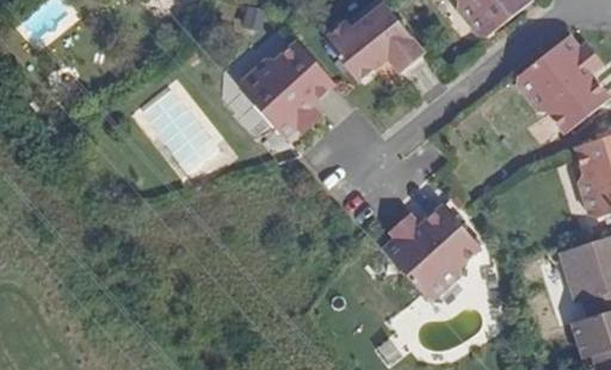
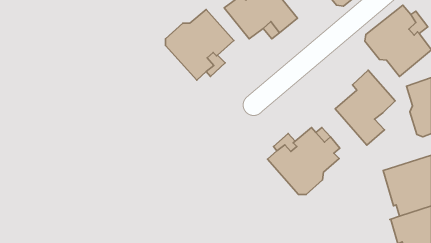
building: none -> [335,70,395,145]

